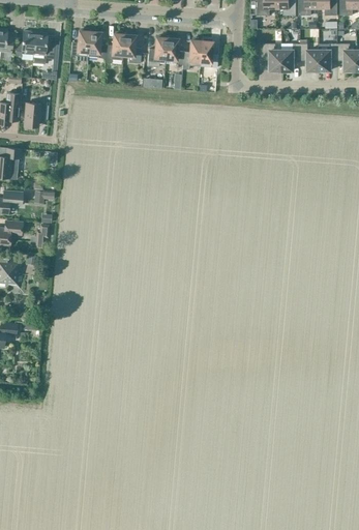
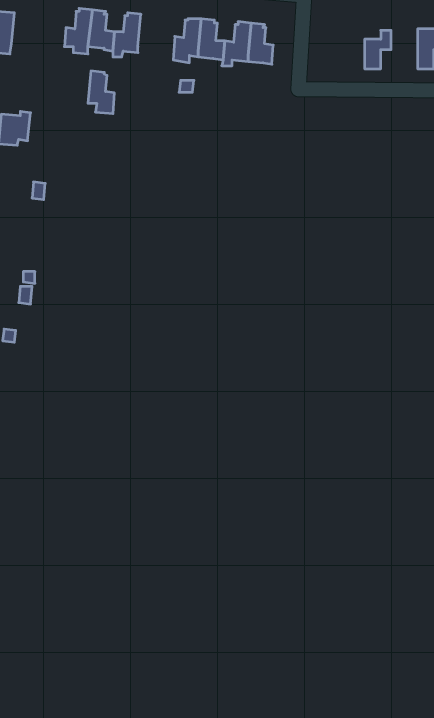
building: [33,31,55,63] -> none
building: [123,32,142,62] -> [88,71,114,114]
building: [301,38,320,70] -> none
building: [264,43,282,70] -> none

